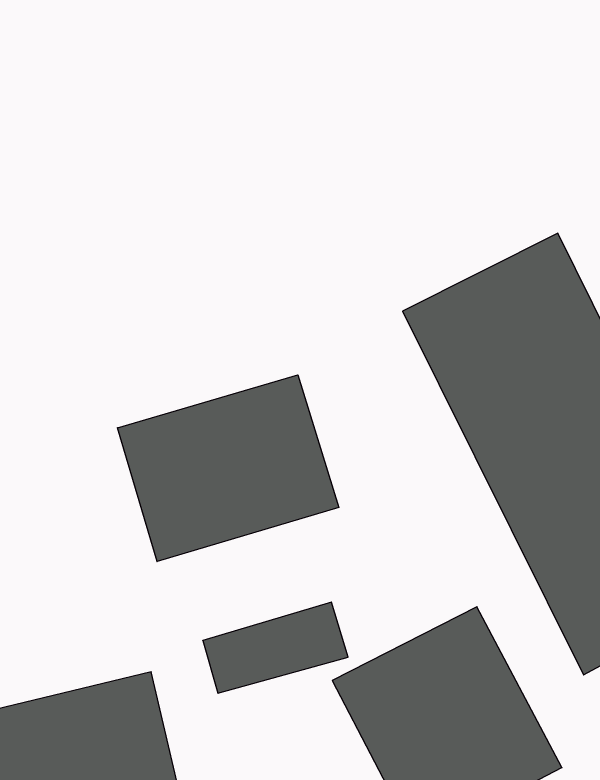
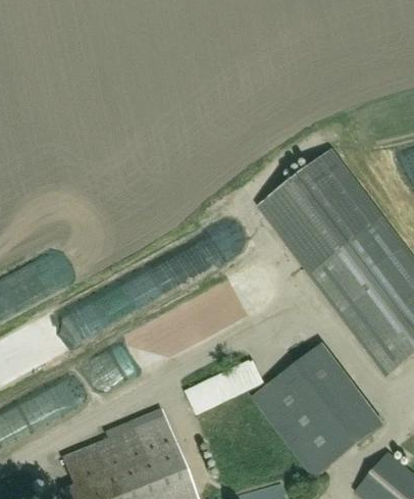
building: [117,375,339,562] -> none

